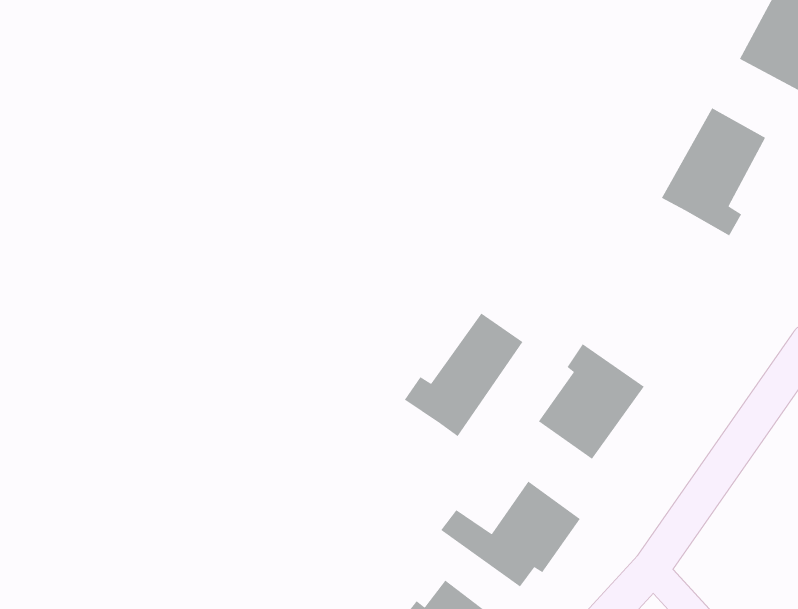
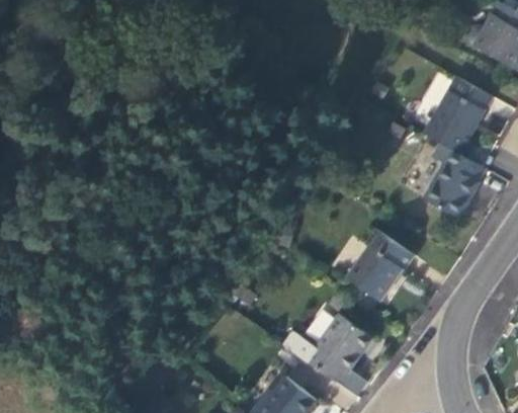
building: none -> [423,144,483,218]
building: [404,312,524,437] -> none

